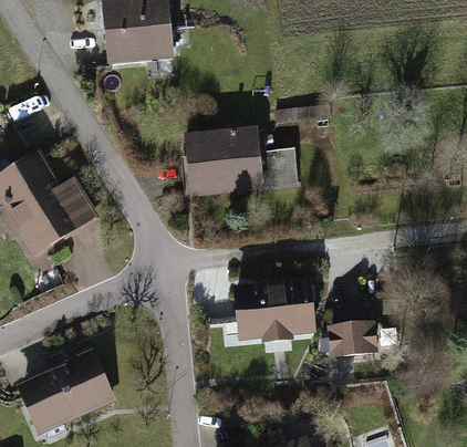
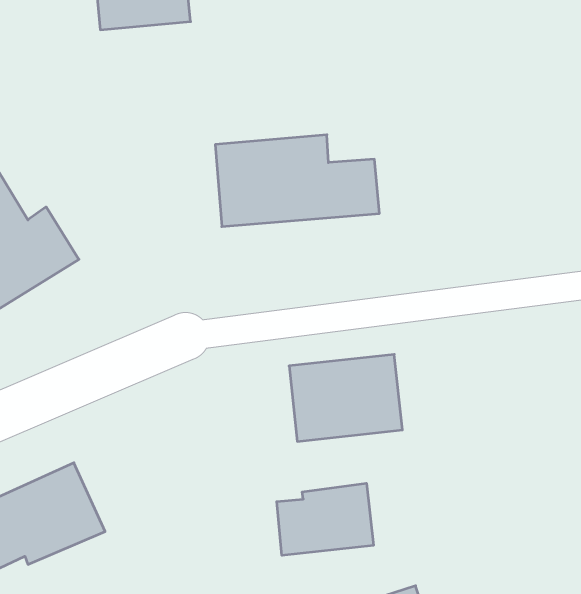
building: [330,323,376,356] -> none
building: none -> [277,483,373,555]

